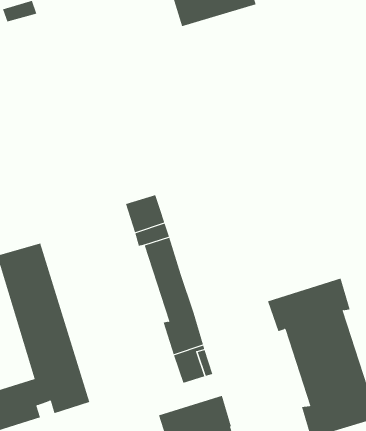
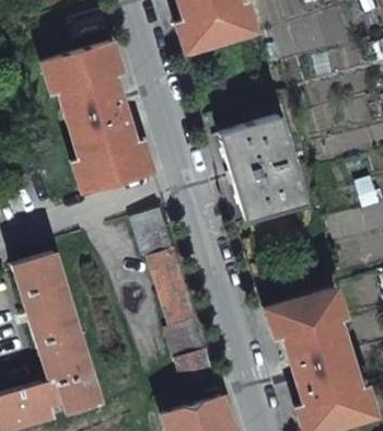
building: none -> [44,42,152,193]
building: none -> [219,115,306,221]

